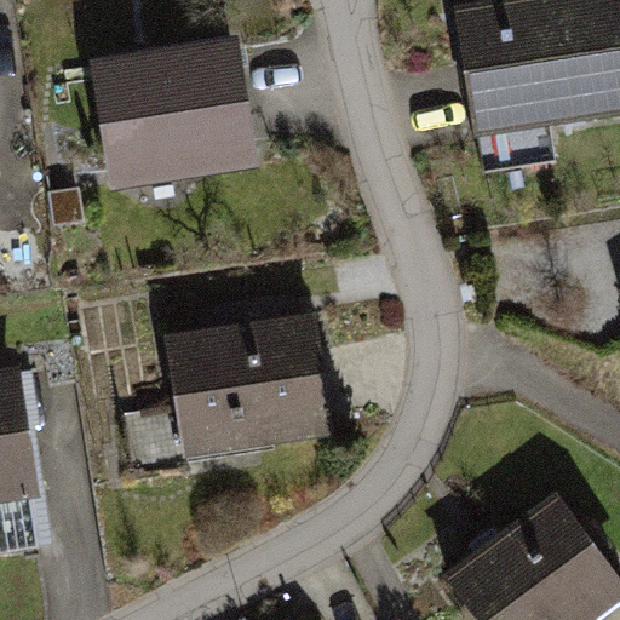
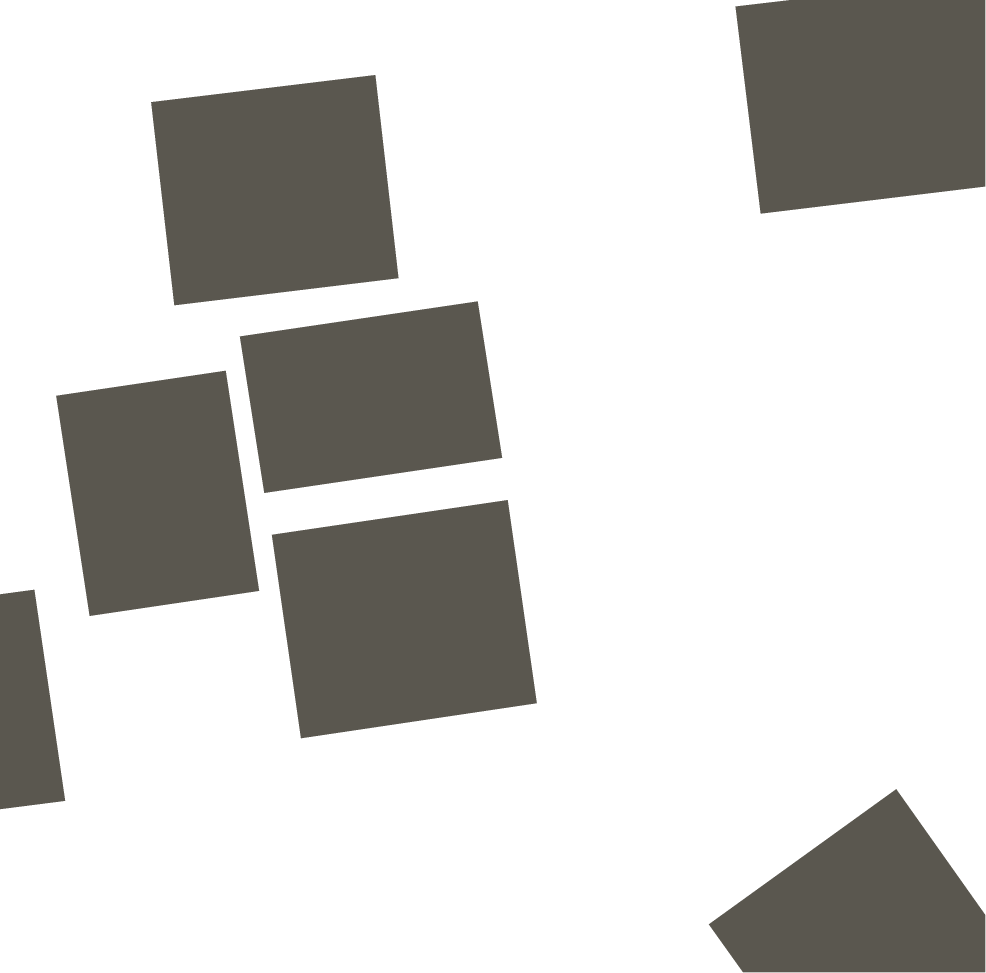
building: none -> [239,300,503,494]
building: none -> [55,370,260,617]

